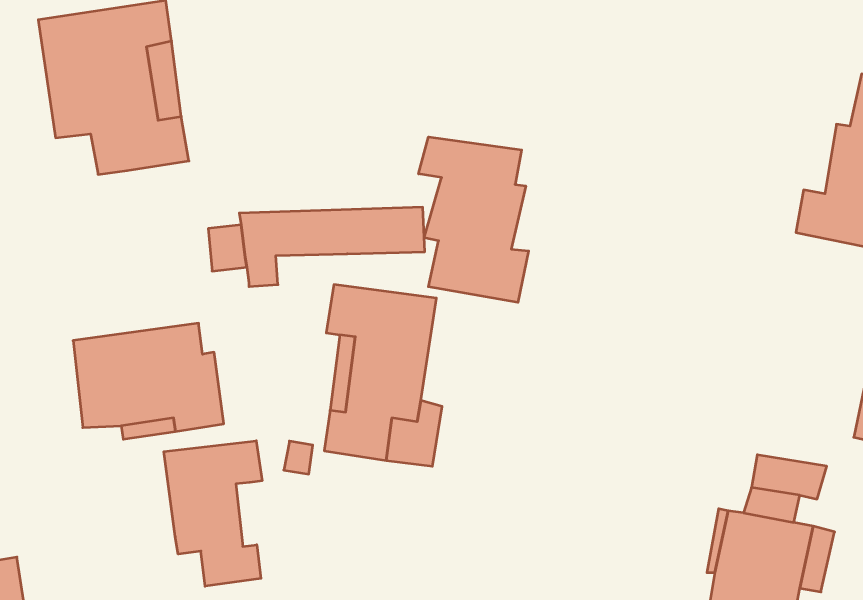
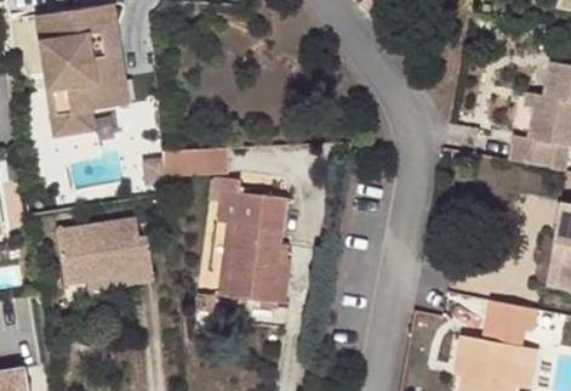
building: none -> [47,97,95,146]
building: [419,137,529,302] -> none
building: [164,441,262,586] -> none

